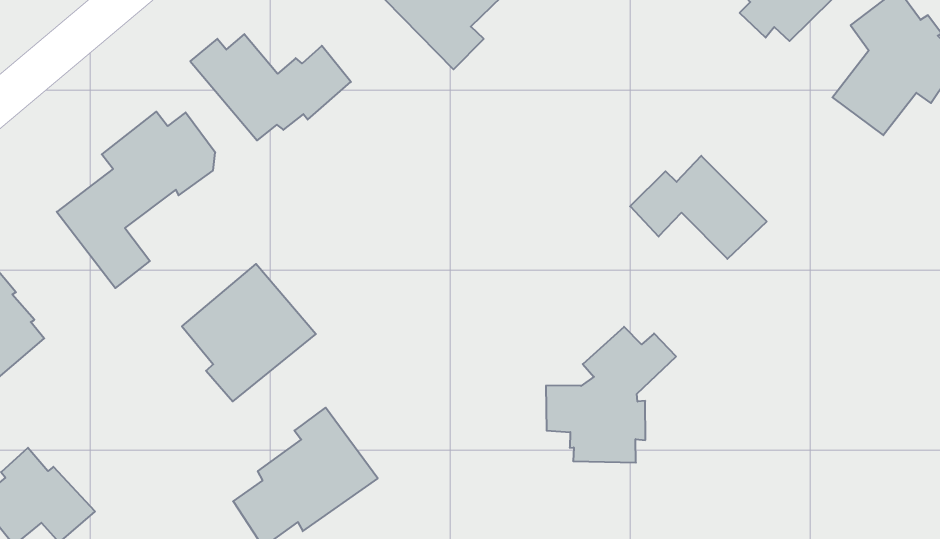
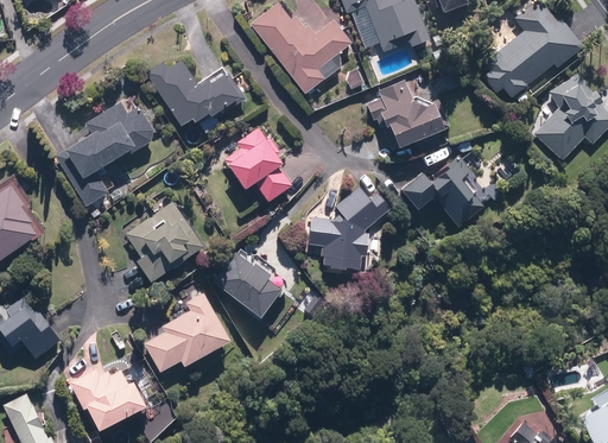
building: none -> [366,80,449,151]
building: none -> [222,128,293,201]
building: [546,327,676,463] -> [308,186,391,270]
building: none -> [213,248,285,316]

